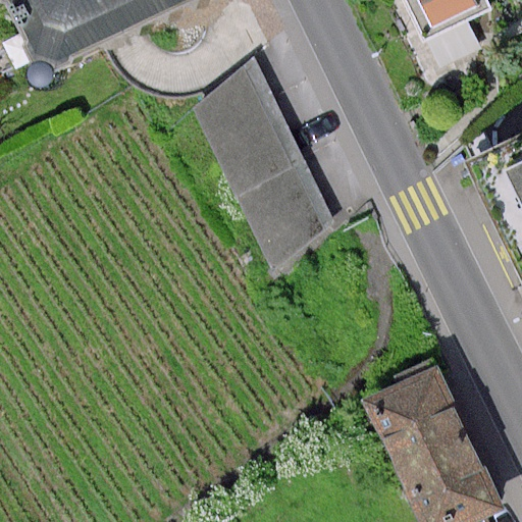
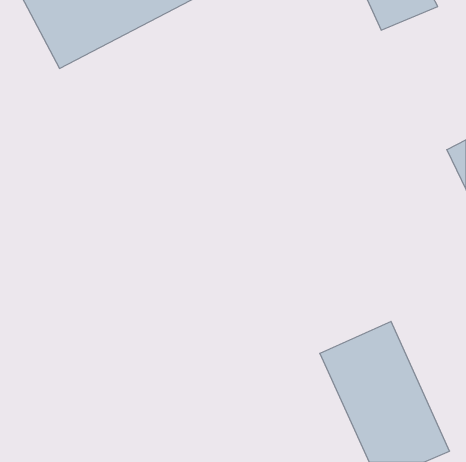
building: [199,56,331,265] -> none

